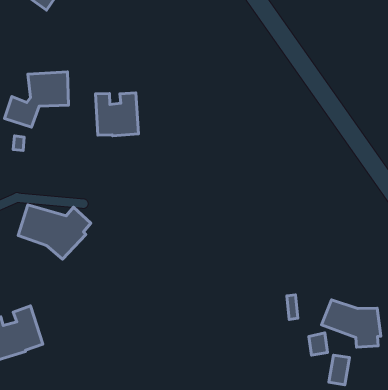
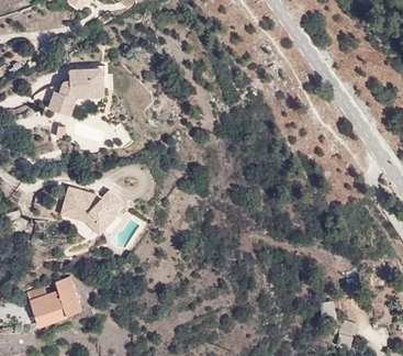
building: [95,93,138,136] -> none
building: [322,300,381,347] -> none

